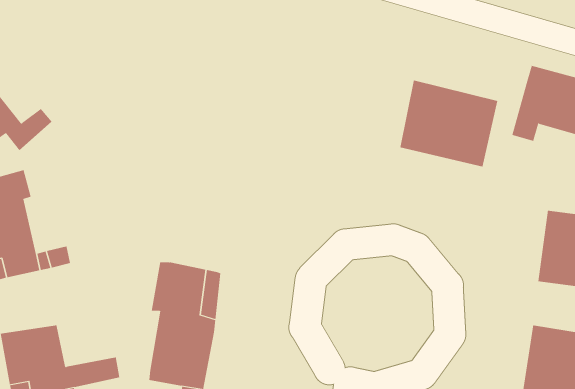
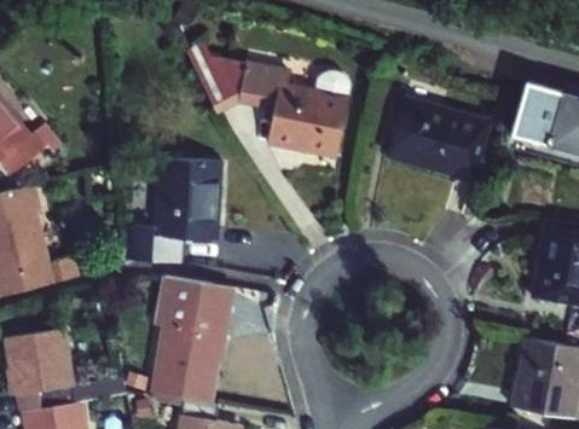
building: none -> [180,31,344,155]
building: none -> [121,167,224,267]

